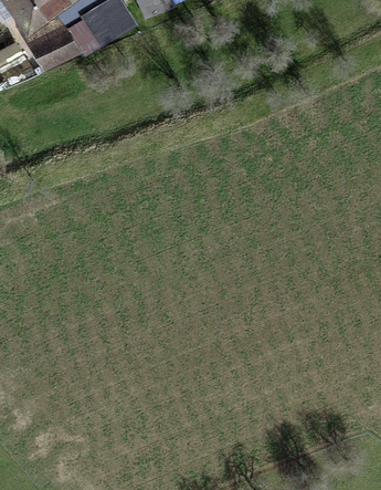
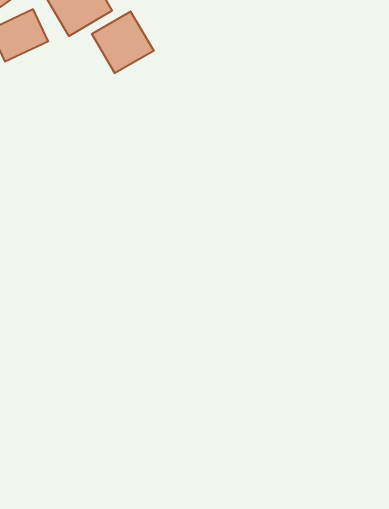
building: none -> [92,11,154,73]

